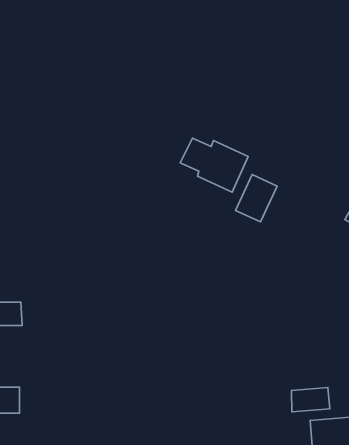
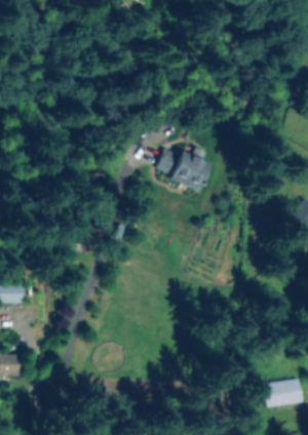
building: [235,175,277,222] -> none
building: [292,387,330,412] -> none

